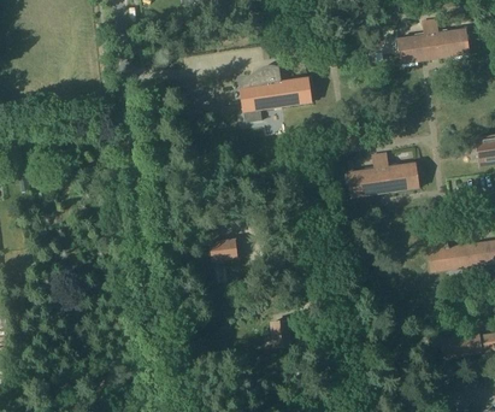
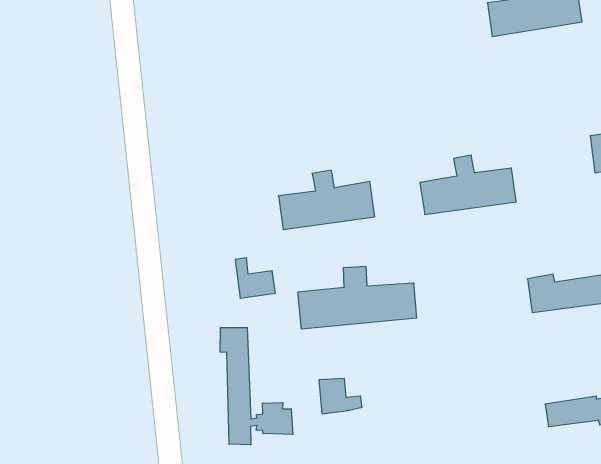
building: [238,67,311,112] -> [278,170,375,230]
building: none -> [298,266,417,329]
building: none -> [220,327,293,445]

